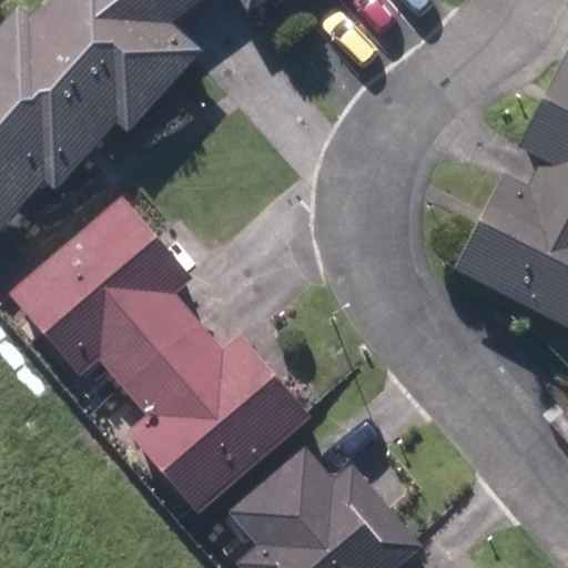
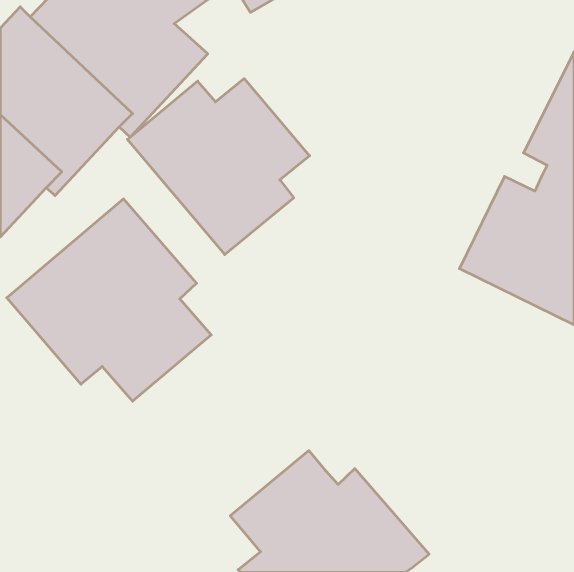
building: none -> [127,79,310,255]
building: [126,331,312,516] -> none

